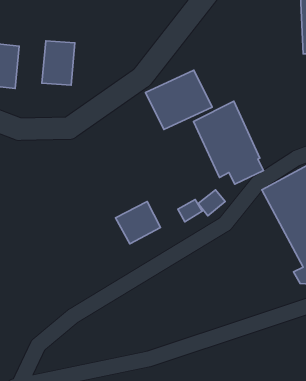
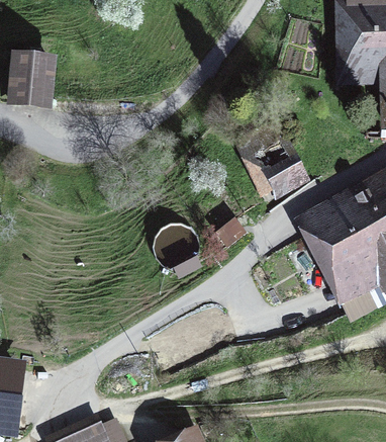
building: [42,41,75,85] -> none
building: [145,70,212,130] -> none

